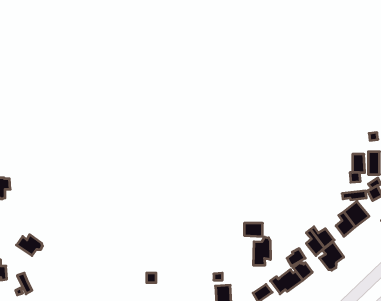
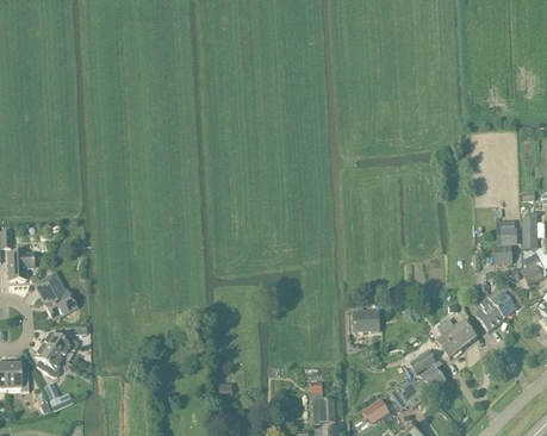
building: none -> [35,273,76,319]
building: [254,237,270,265] -> none
building: [319,242,344,270] -> none
building: none -> [35,343,63,376]

